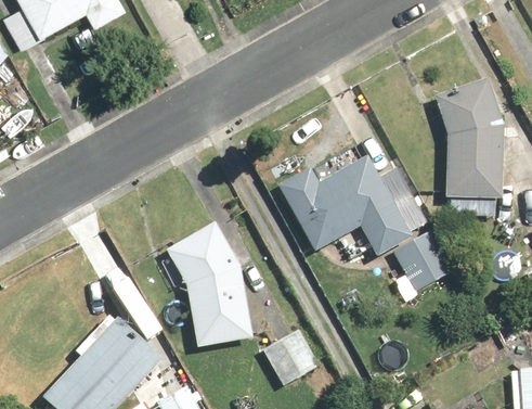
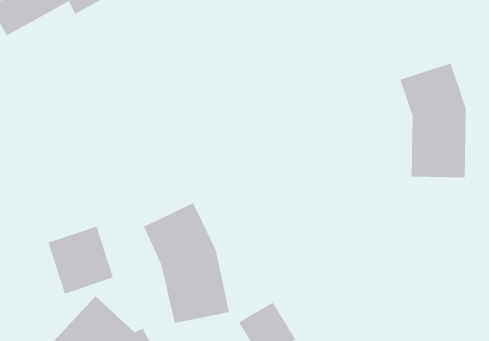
building: [275,156,452,291] -> none
building: none -> [48,226,114,294]

